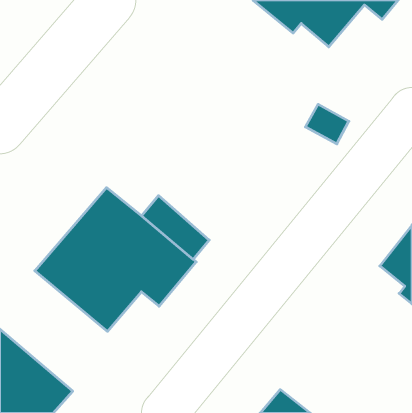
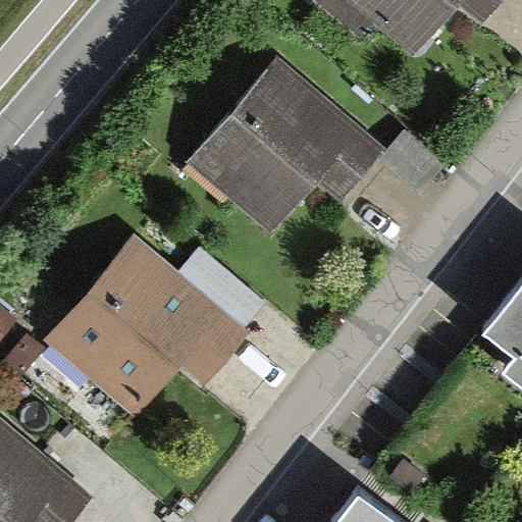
building: none -> [190,55,386,231]

